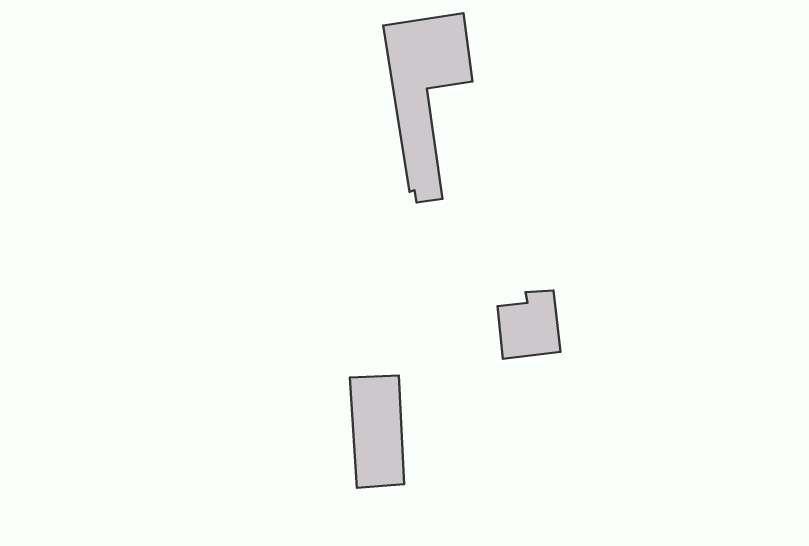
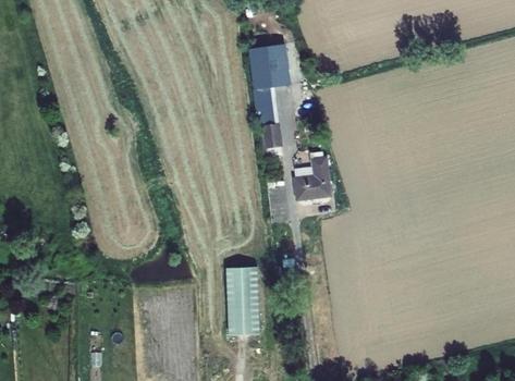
building: [498,291,561,359] -> [292,158,331,200]

